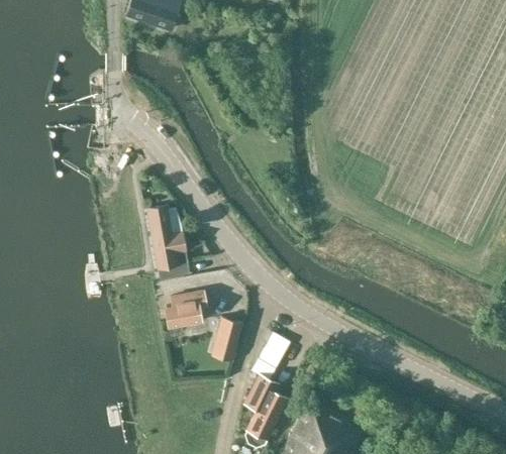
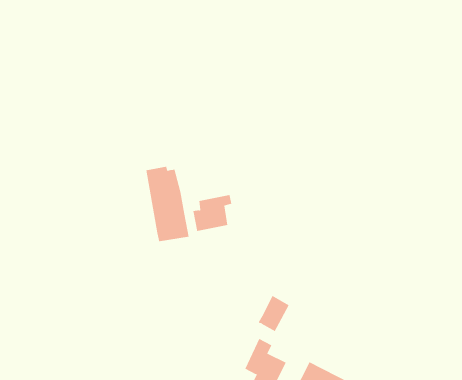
building: [165,291,204,327] -> [192,195,232,231]
building: [211,317,240,360] -> none

